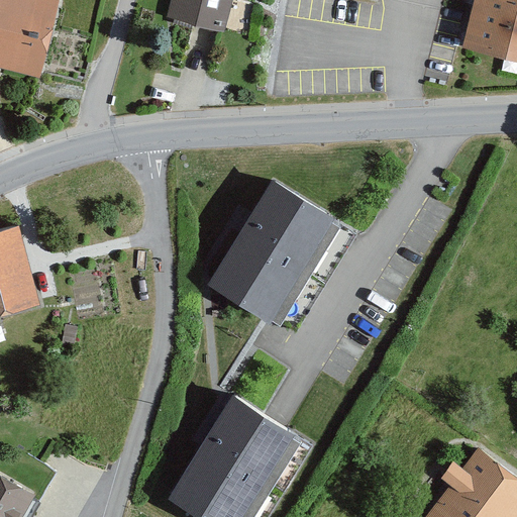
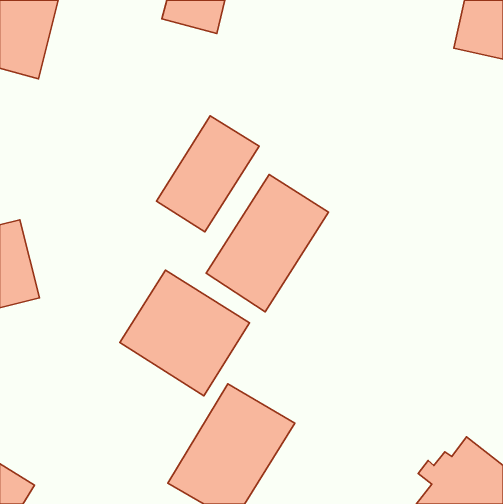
building: none -> [157,116,259,232]
building: none -> [120,270,249,396]

